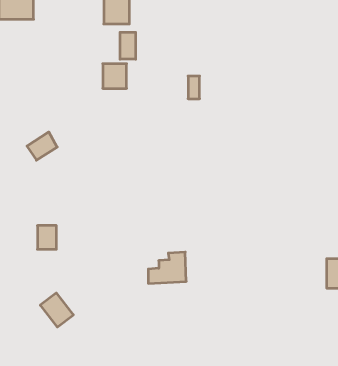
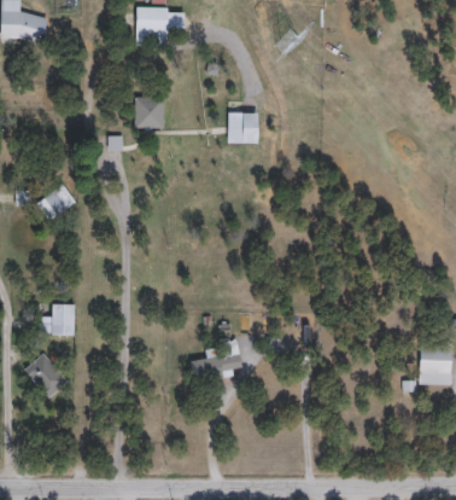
building: [120,32,136,59] -> none
building: [40,293,73,327] -> [25,354,68,397]

